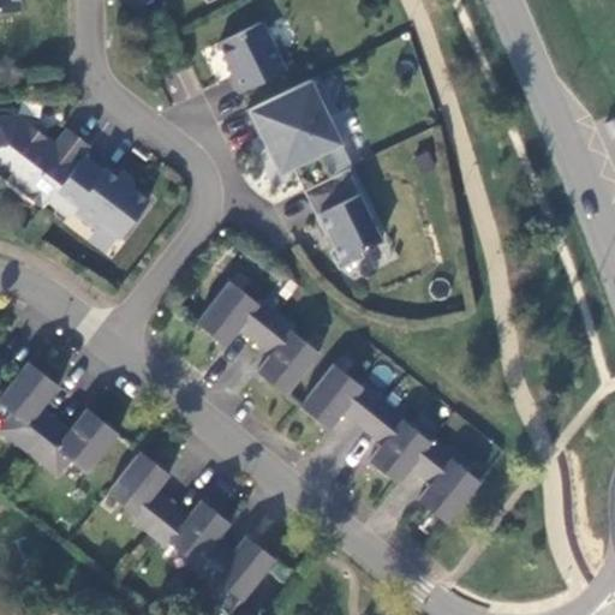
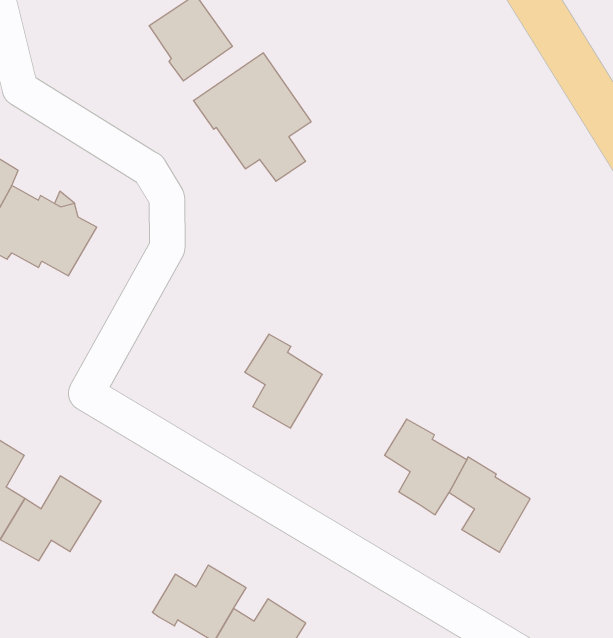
building: [305,166,383,268] -> none
building: [199,282,281,347] -> none
building: [301,368,386,431] -> none
building: [108,452,172,533] -> none

